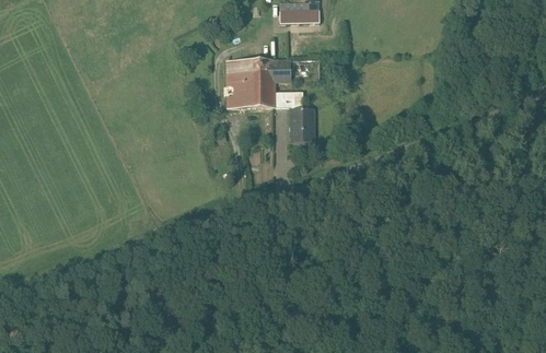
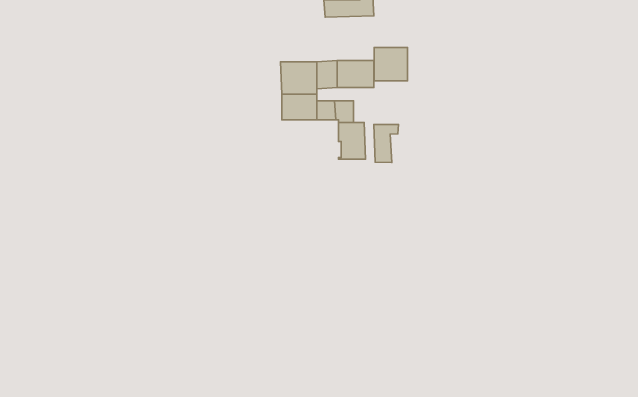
building: none -> [374,47,407,81]
building: [225,59,244,106] -> none
building: none -> [374,124,399,162]

